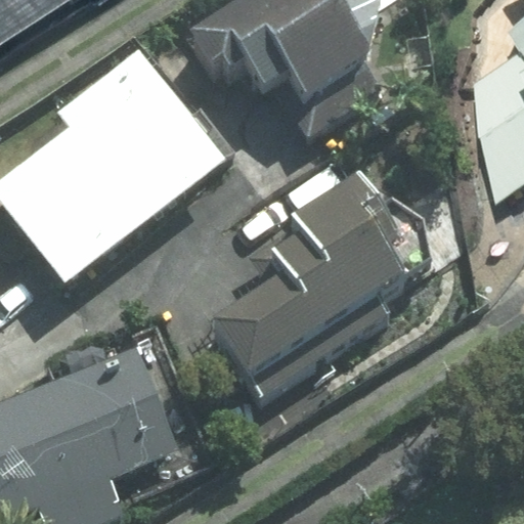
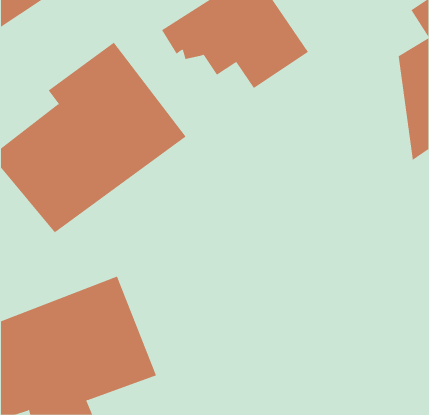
building: [215,178,399,379] -> none

